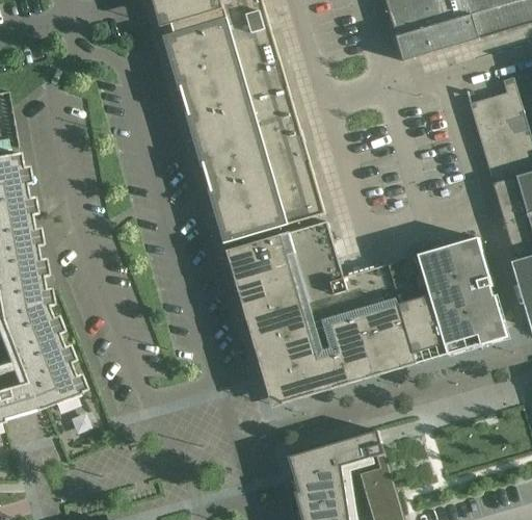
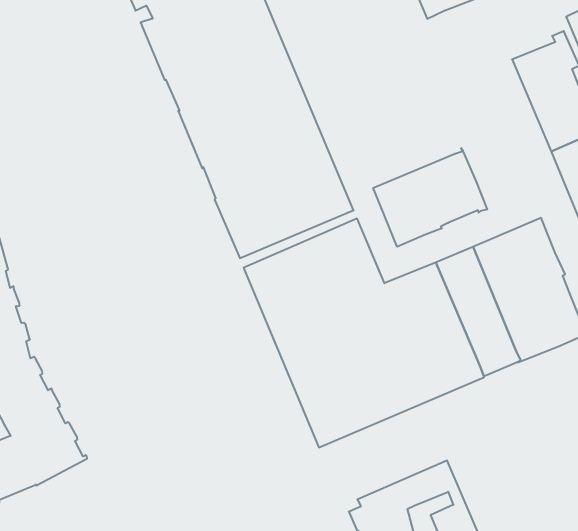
building: none -> [373,148,487,247]

